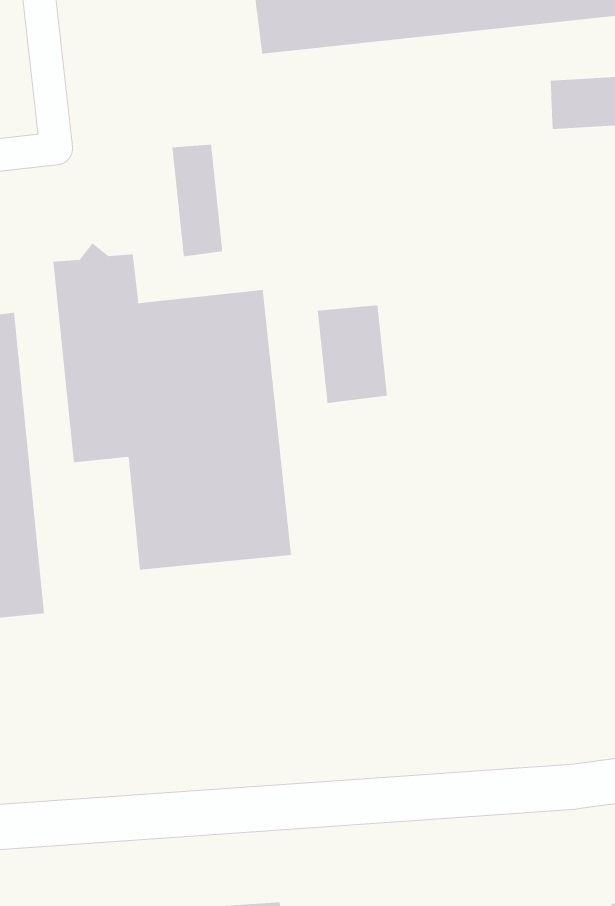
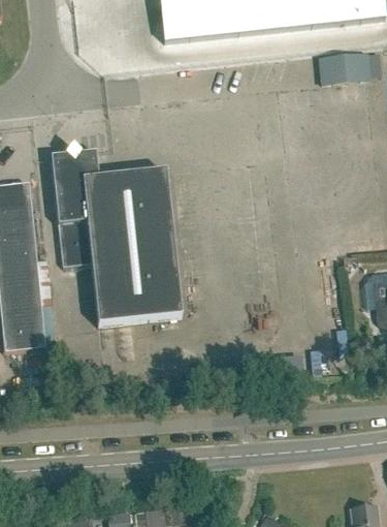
building: [172,144,223,257] -> none
building: [317,304,388,404] -> none

